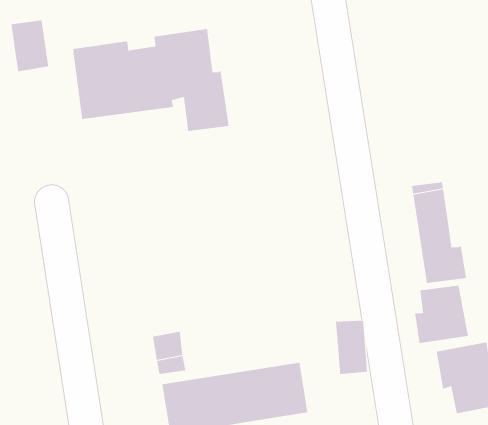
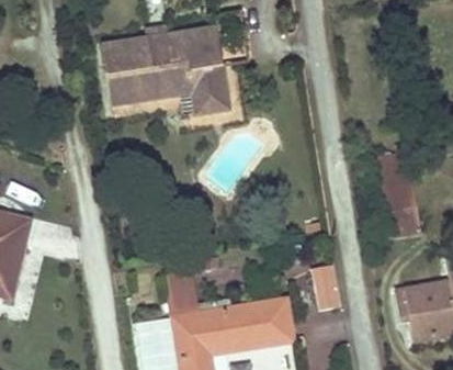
building: [11,20,49,72] -> none
building: [414,285,469,344] -> none

